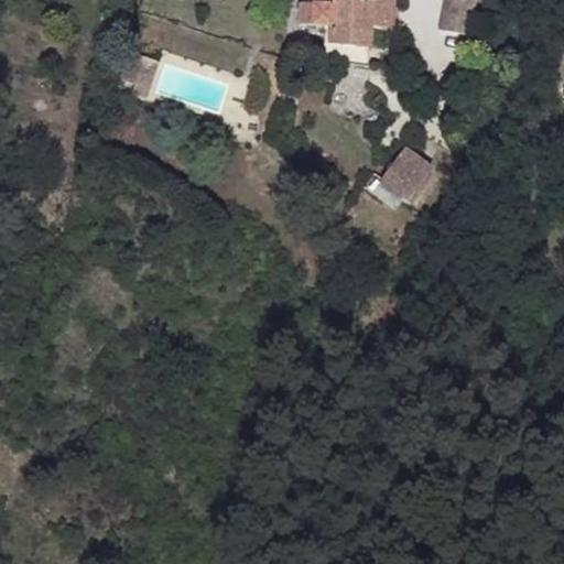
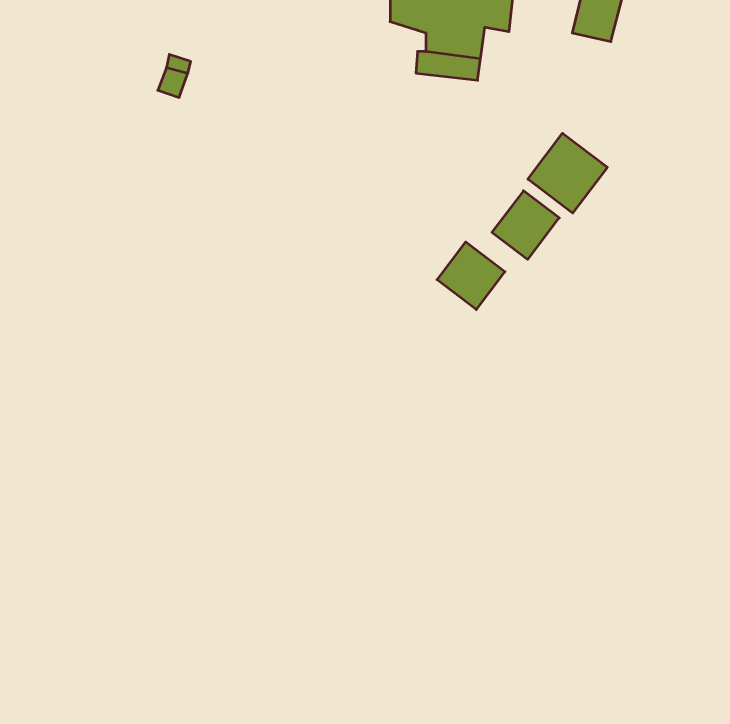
building: none -> [528,133,607,213]
building: none -> [437,242,505,310]

